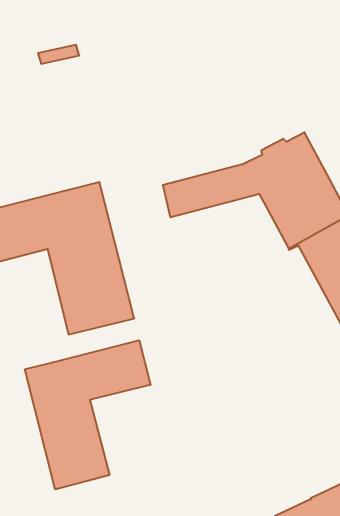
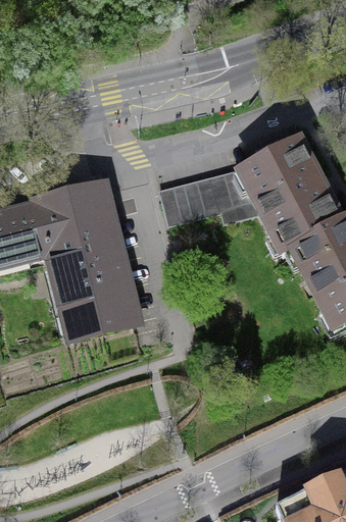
building: [25,340,151,489] -> none

